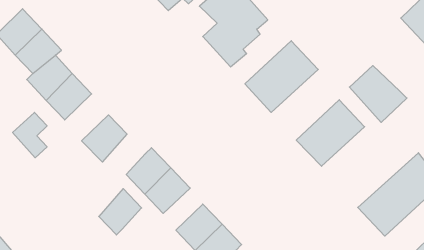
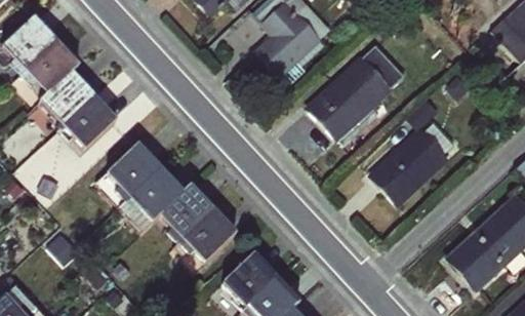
building: [349,66,407,122] -> none
building: [99,189,142,235] -> [132,166,185,223]

